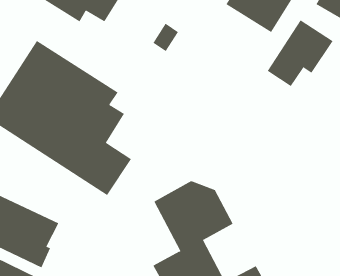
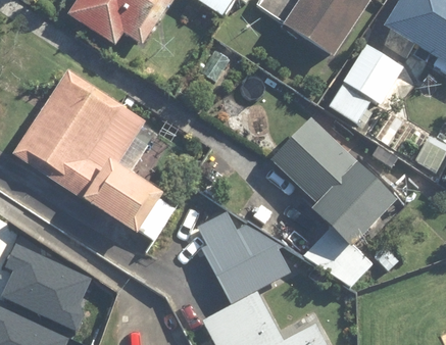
building: none -> [271,118,399,289]

